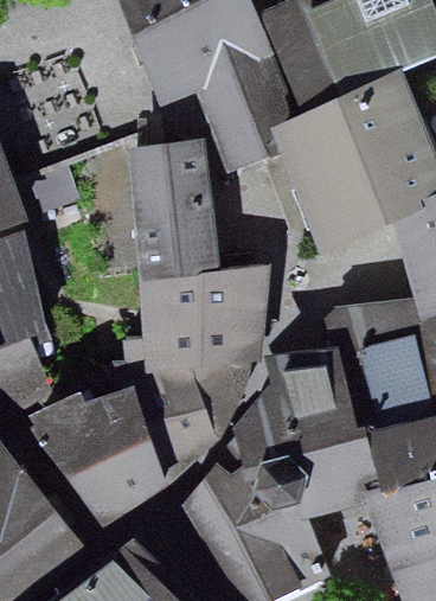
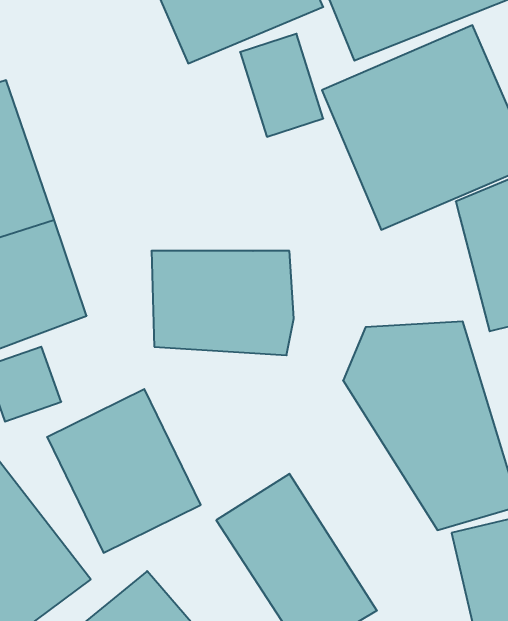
building: [127,141,216,266] -> none
building: [128,346,244,460] -> none
building: [261,375,371,519] -> none

